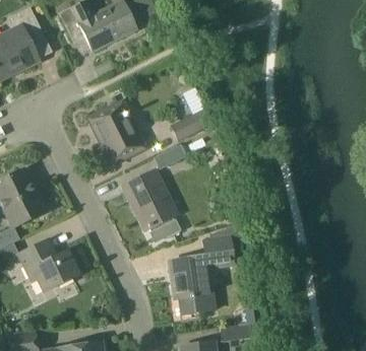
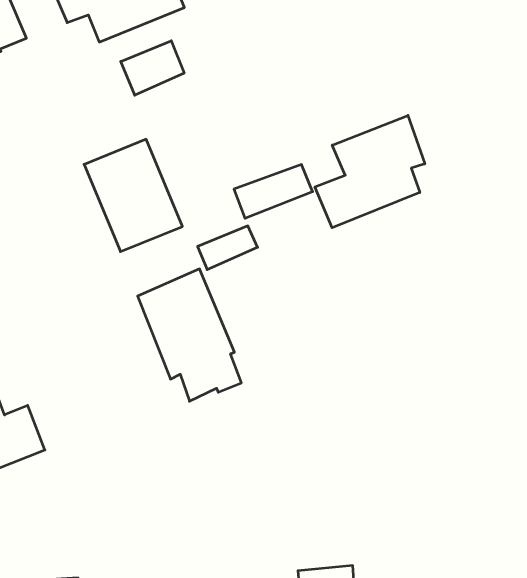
building: none -> [121,41,184,95]
building: none -> [315,115,425,228]
building: [171,237,230,313] -> none

